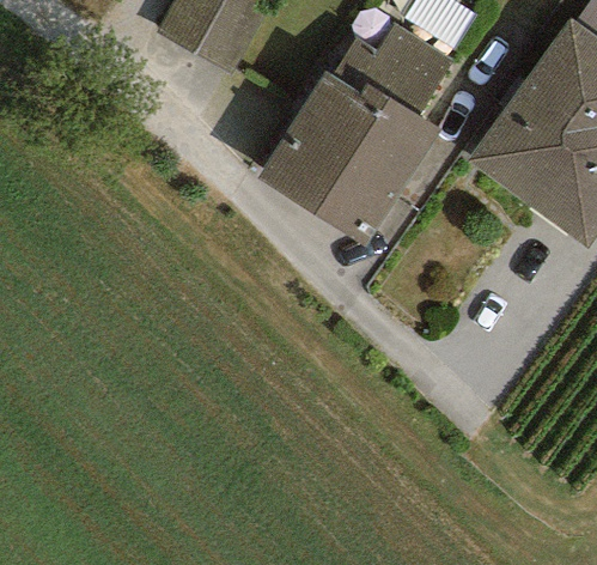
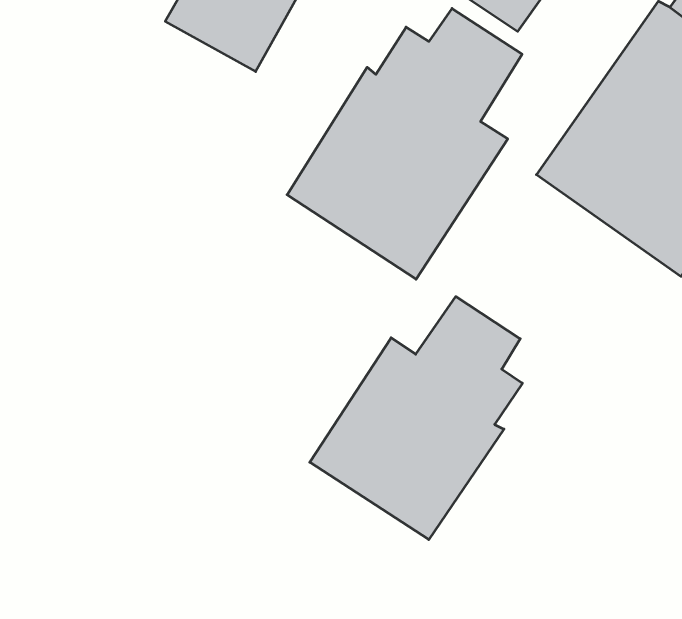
building: none -> [310,297,522,540]

